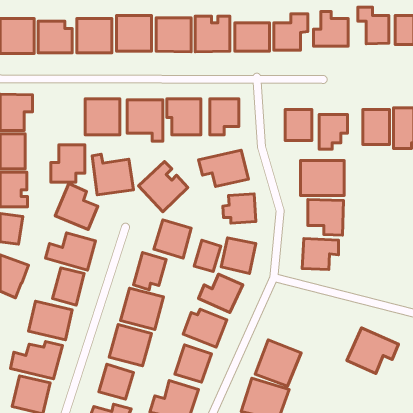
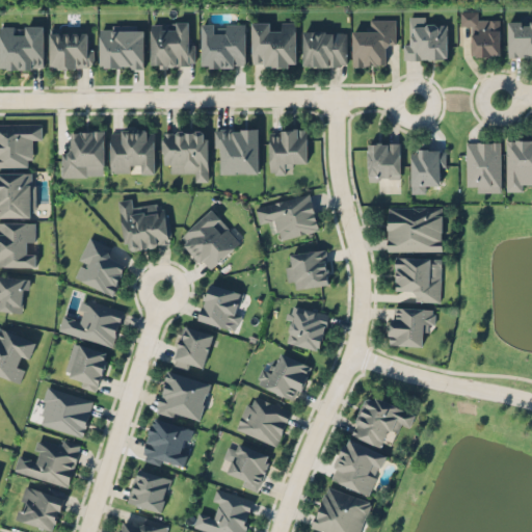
building: [51,145,85,182] -> [61,131,105,179]
building: [194,240,221,272] -> none
building: [347,328,399,373] -> [349,393,416,451]

